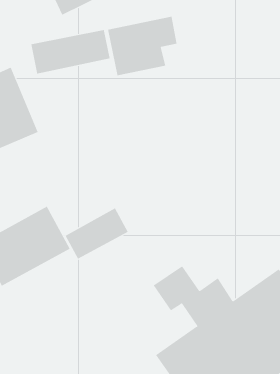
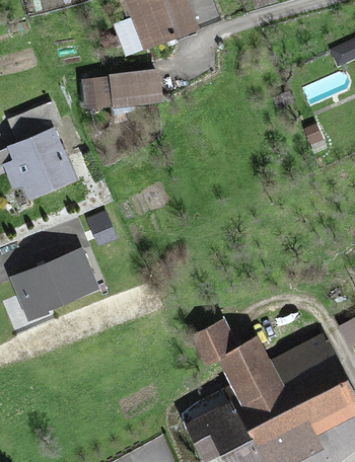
building: [107,16,177,76] -> none
building: [65,208,129,259] -> none

